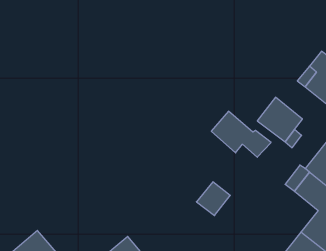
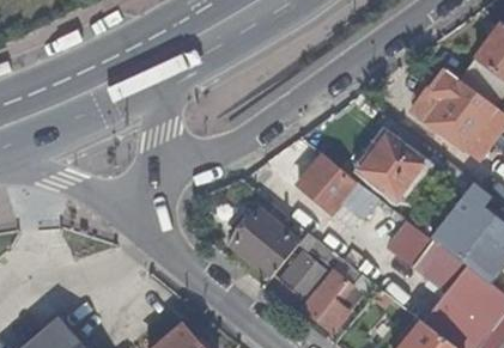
building: none -> [230,207,299,275]
building: none -> [299,268,346,330]

